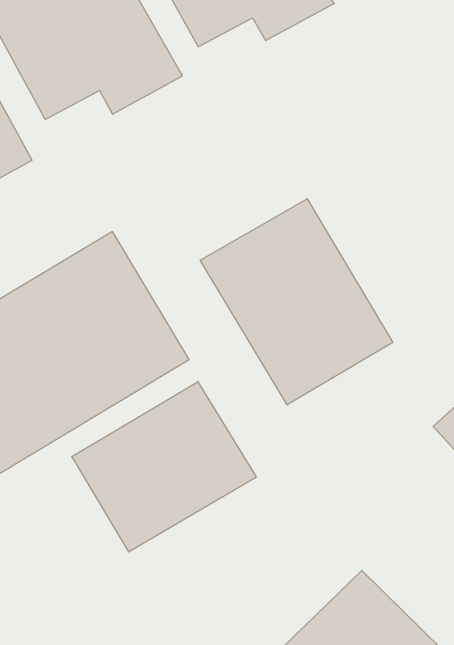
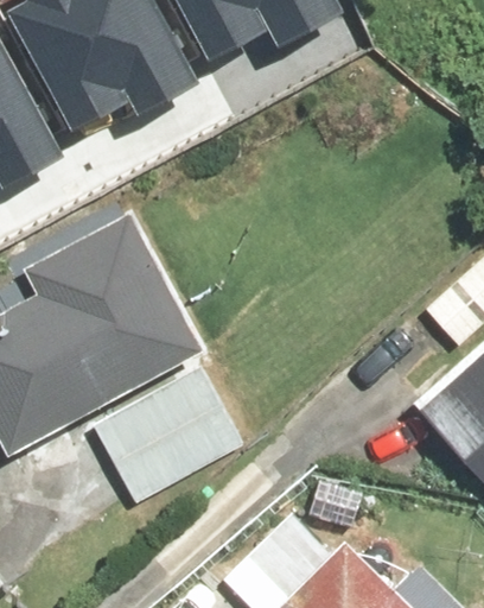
building: [200,199,393,405] -> none

